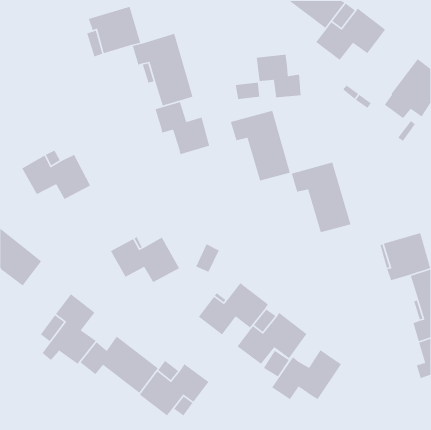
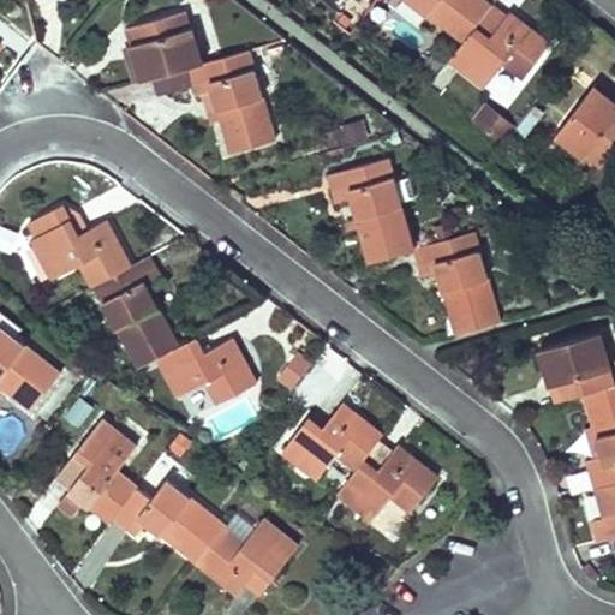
building: [256,54,301,98] -> none
building: [155,101,210,155] -> none
building: none -> [92,256,178,369]
building: [271,349,342,400] -> none

